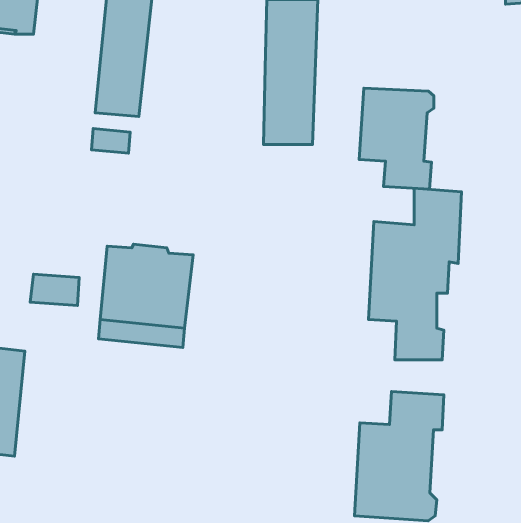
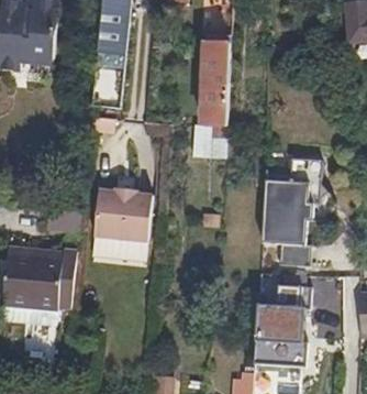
building: [359,88,434,189] -> none
building: none -> [192,127,227,157]
building: none -> [41,252,77,324]

